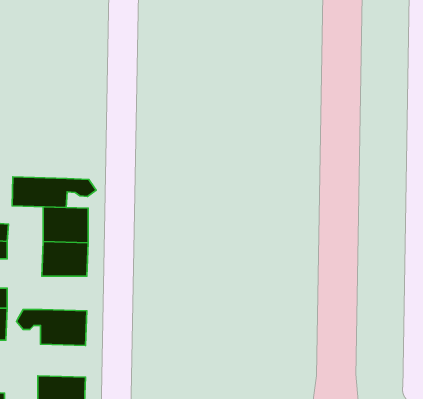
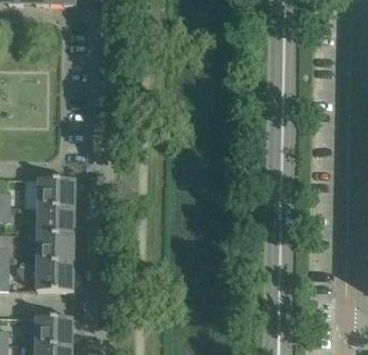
building: [12,177,96,208] -> none
building: none -> [36,233,73,261]

